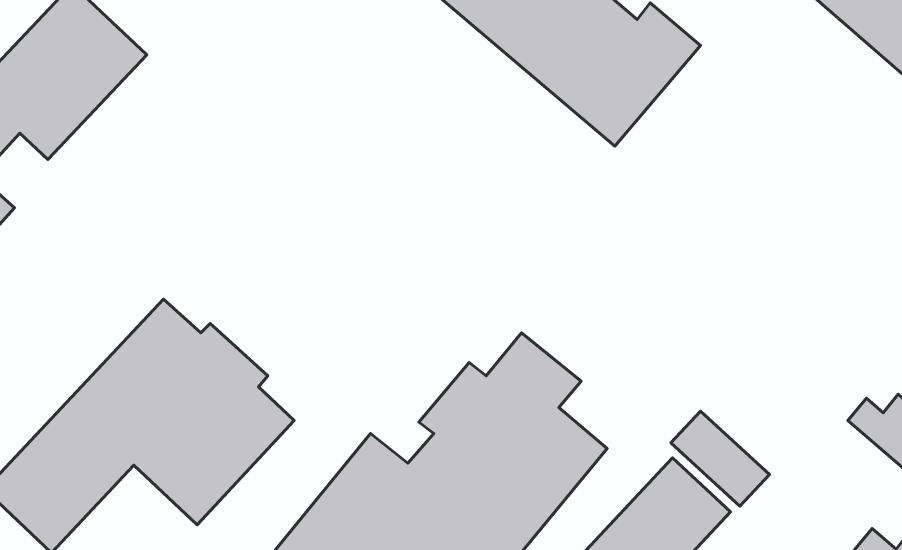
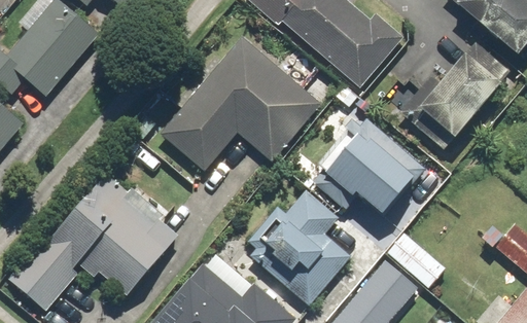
building: none -> [160,35,324,172]
building: none -> [423,45,510,136]
building: none -> [318,119,424,217]

